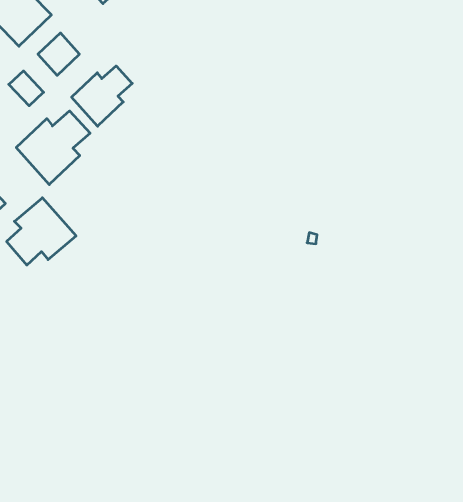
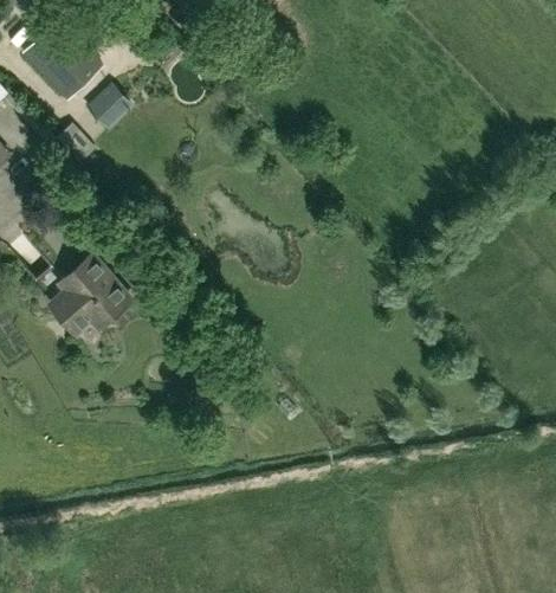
building: [72,66,132,126] -> none
building: [16,111,90,185] -> none

